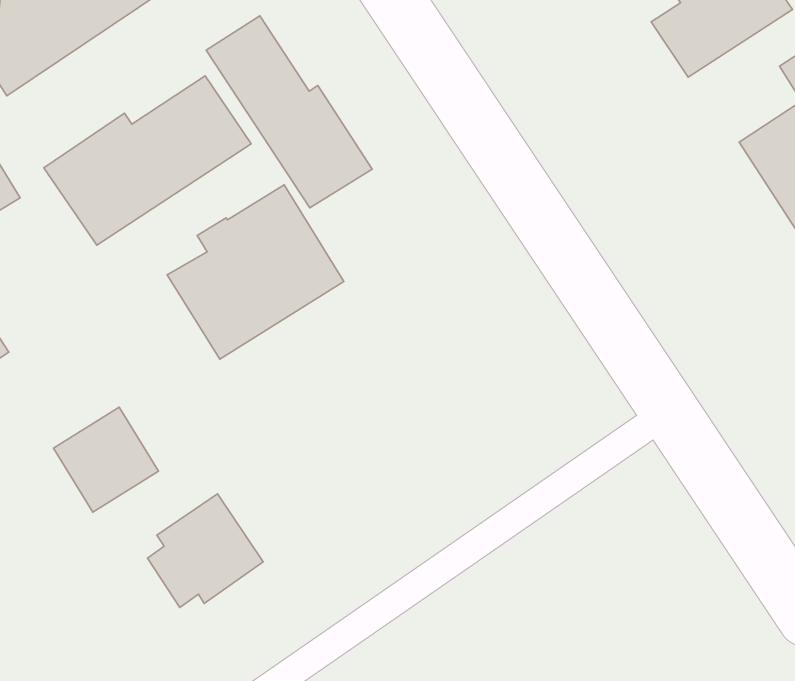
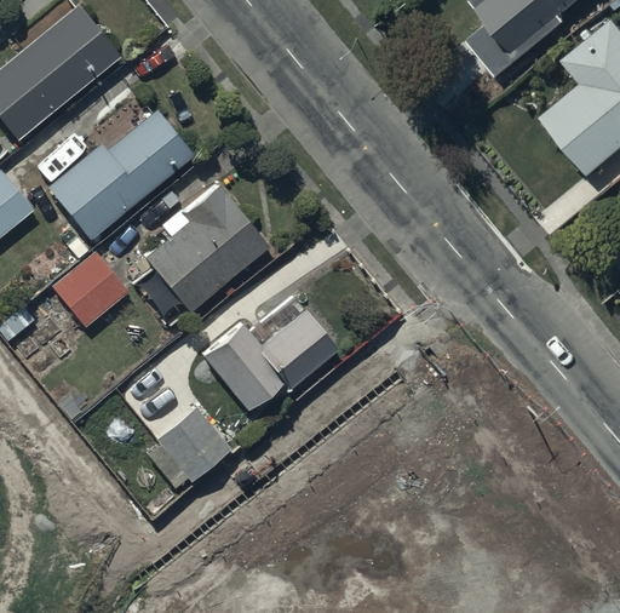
building: [206,16,372,208] -> none
building: none -> [205,310,338,409]
building: [54,407,159,512] -> [53,252,130,328]

